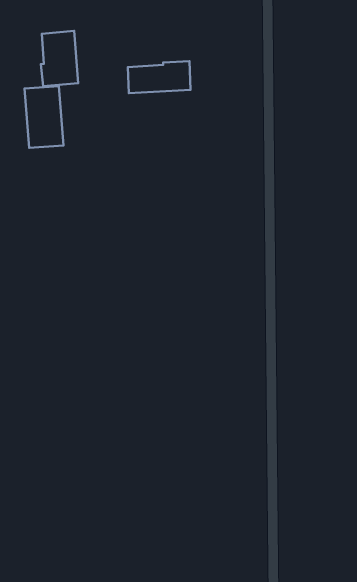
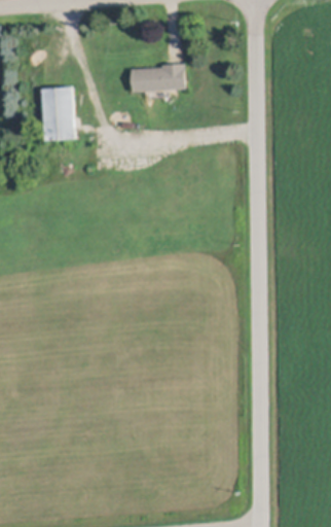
building: [41,31,78,86] -> none

